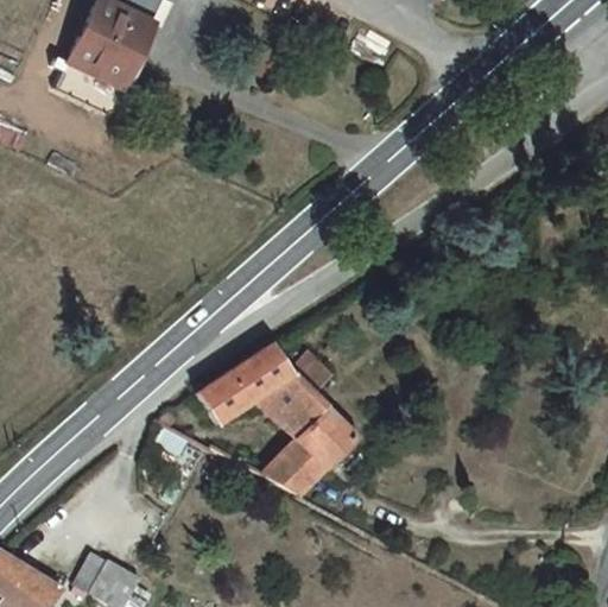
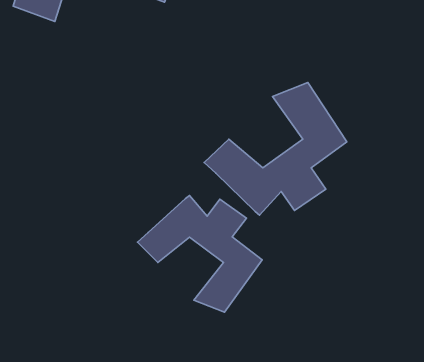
building: none -> [204,83,347,215]

